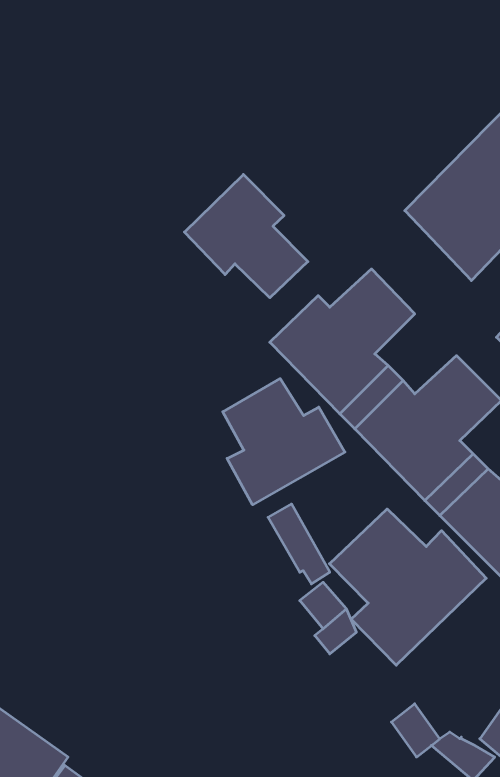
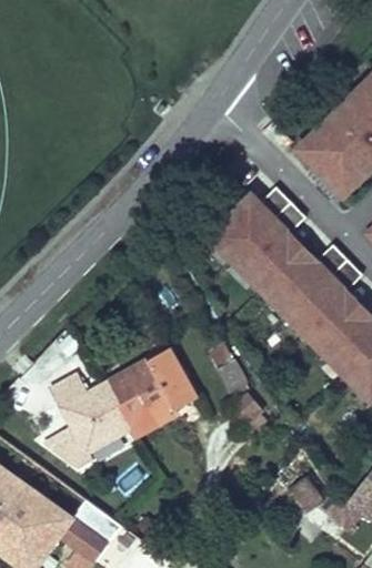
building: [184,174,308,298] -> none
building: [223,379,345,505] -> none
building: none -> [47,348,198,469]
building: [329,509,486,665] -> none

